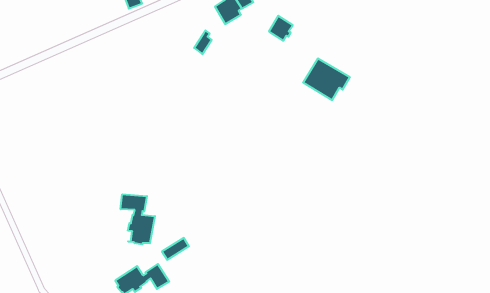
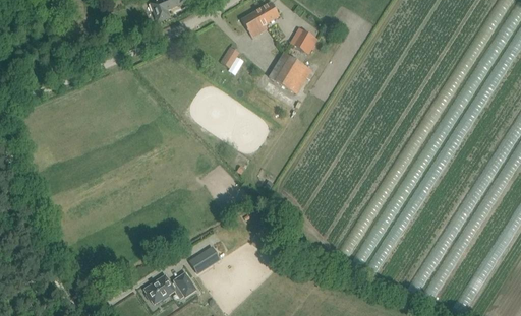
building: [303,59,350,100] -> [269,53,314,93]
building: [121,194,155,244] -> none

